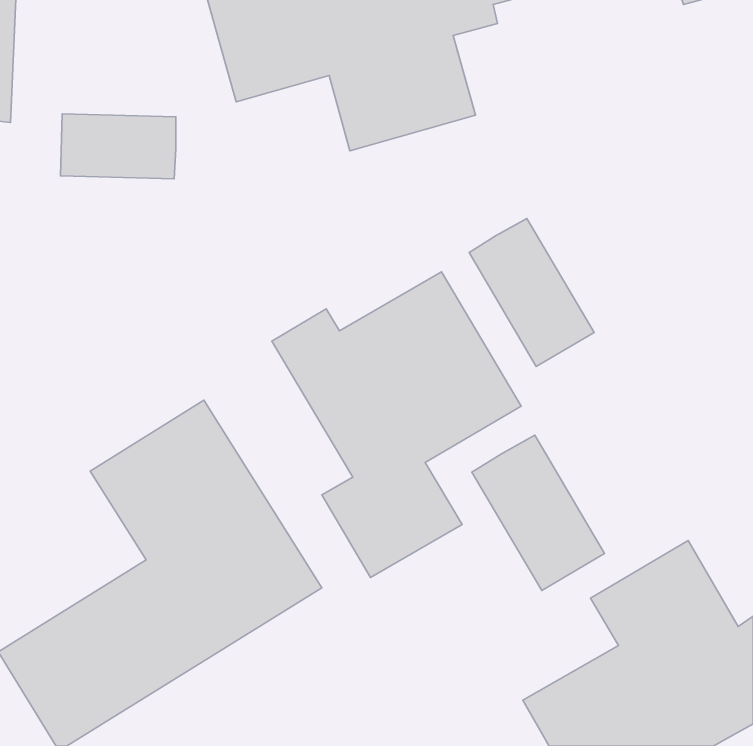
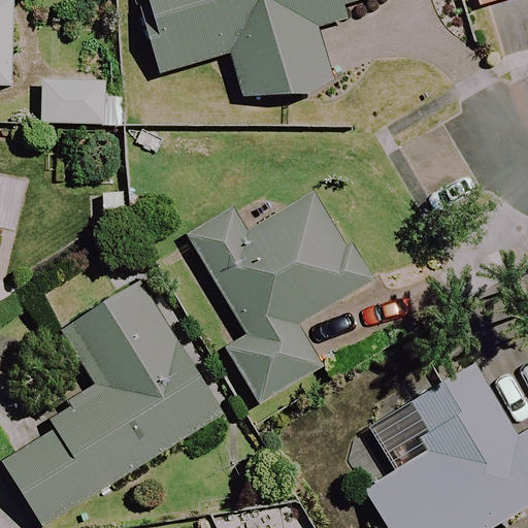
building: [469,218,594,366] -> none
building: [472,435,605,590] -> none

